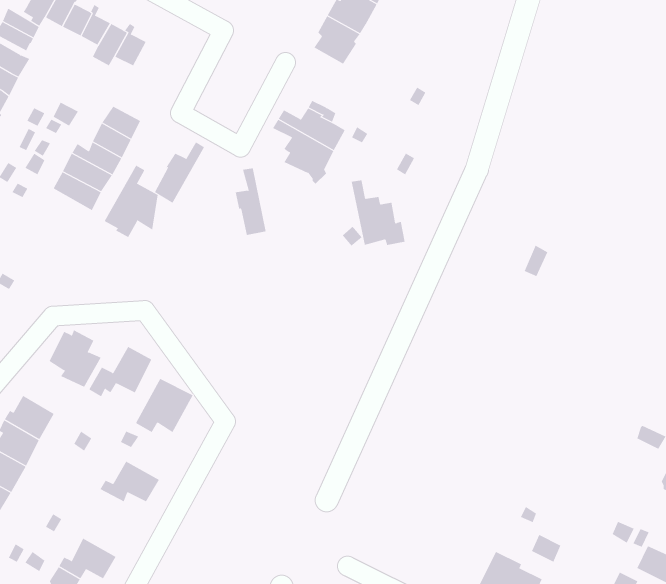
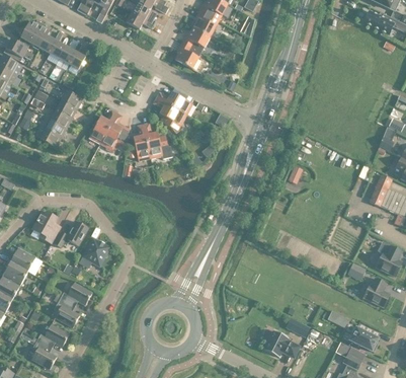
building: [104,165,158,238] -> [99,112,129,152]
building: [351,180,405,245] -> [143,123,172,158]
building: none -> [55,297,80,326]

